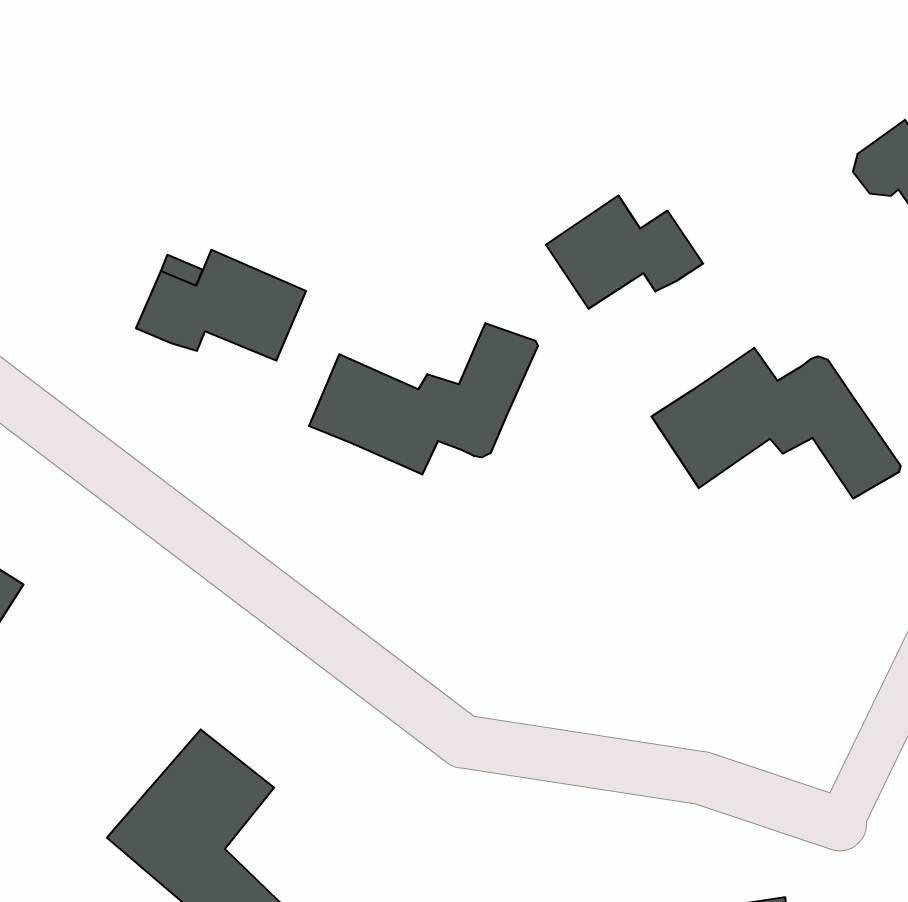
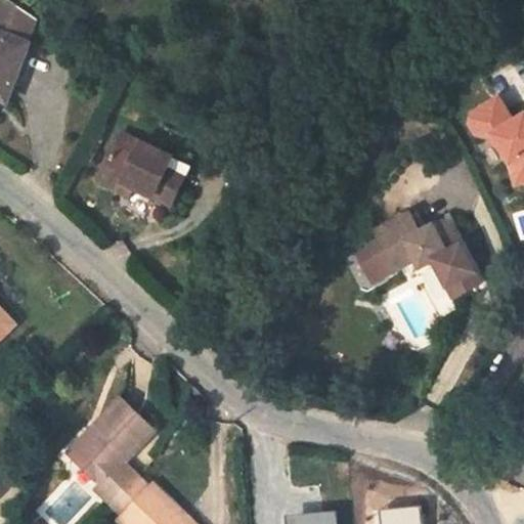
building: [546,195,703,309] -> none
building: [309,323,538,475] -> none

